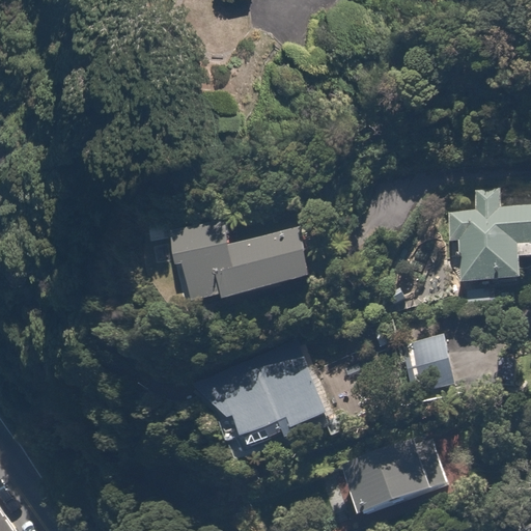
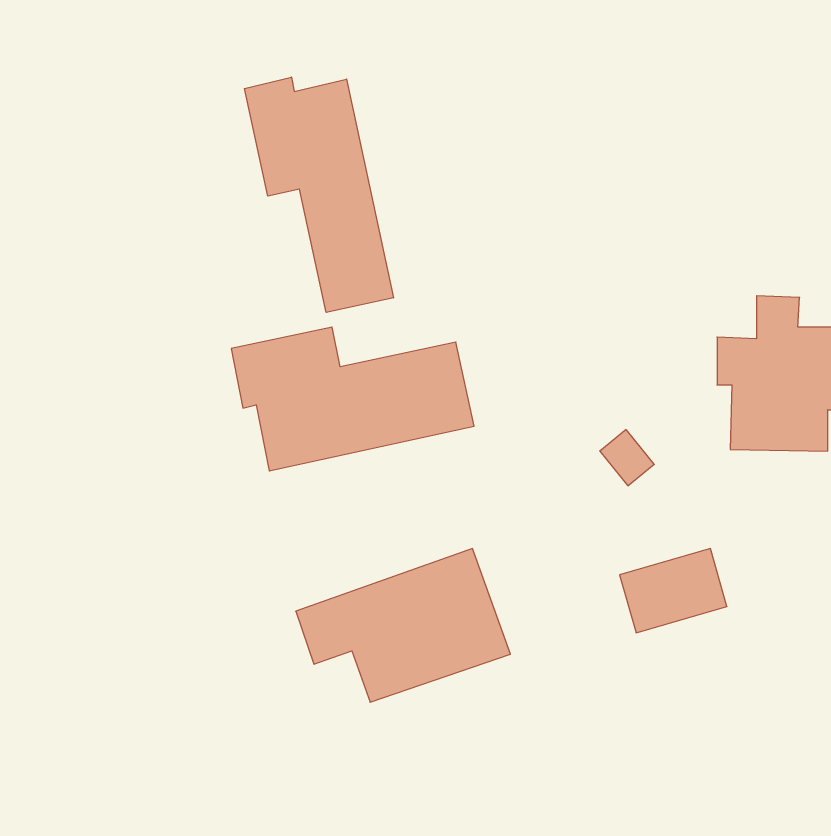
building: none -> [244,77,393,312]
building: [339,439,454,515] -> none

